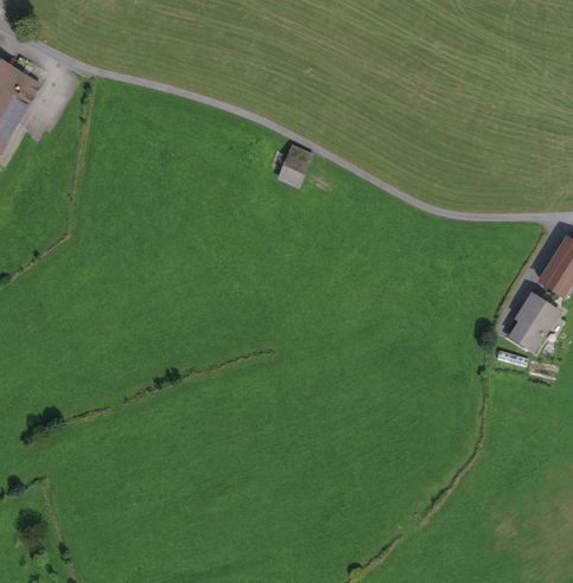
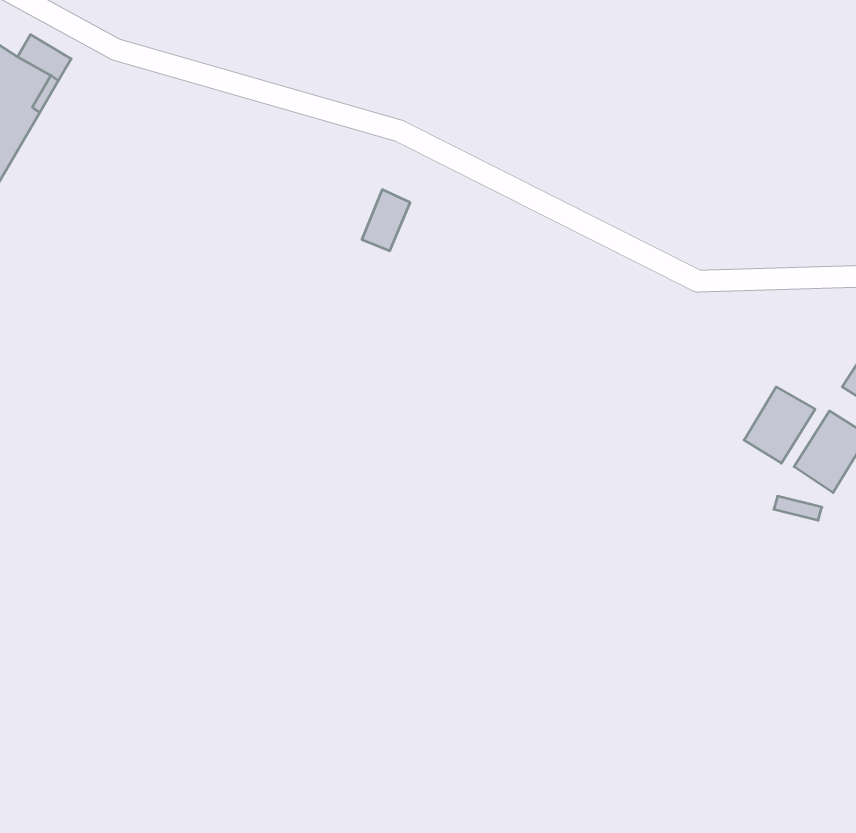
building: [280,147,311,186] -> [362,190,410,251]
building: none -> [744,387,815,463]

